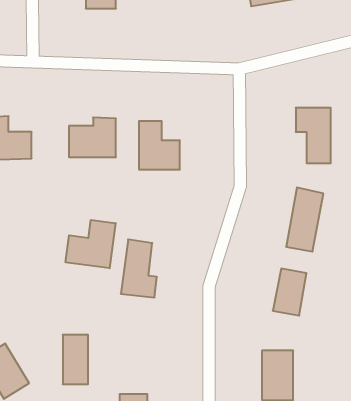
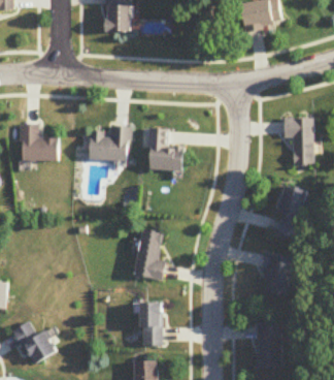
building: [66,220,116,268] -> none
building: [63,335,88,384] -> [139,303,161,345]

